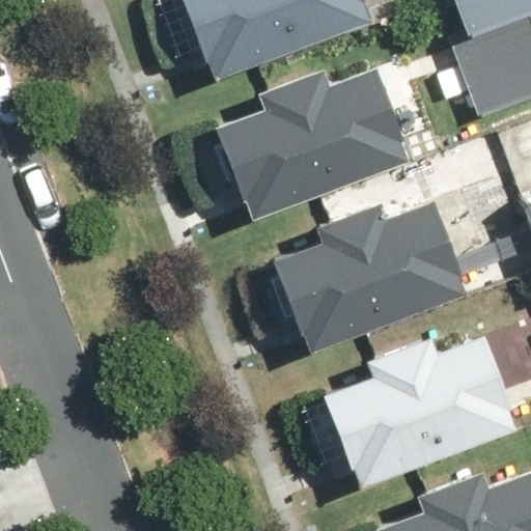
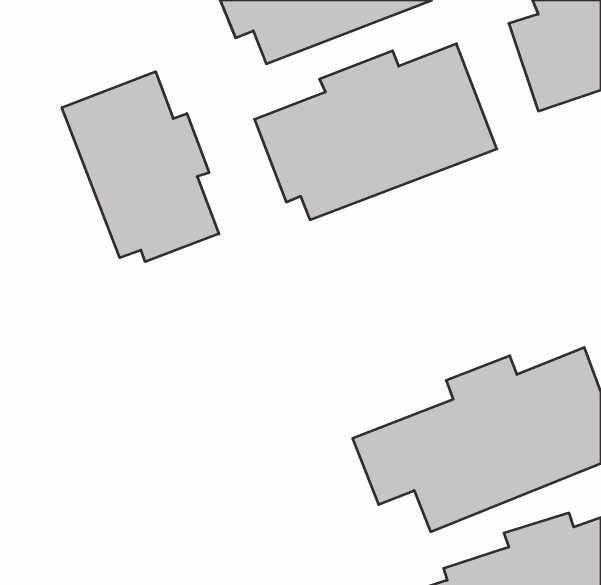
building: none -> [62,72,219,262]
building: [275,189,492,350] -> none

